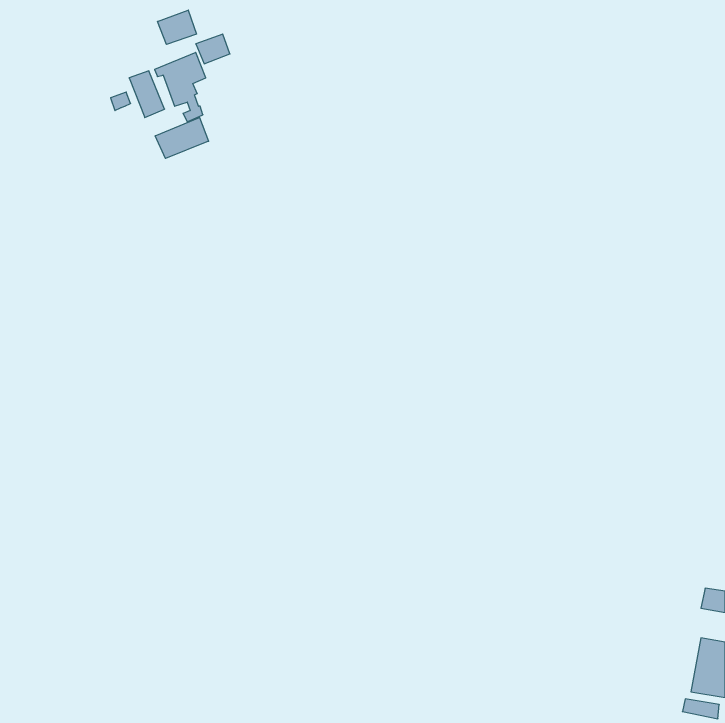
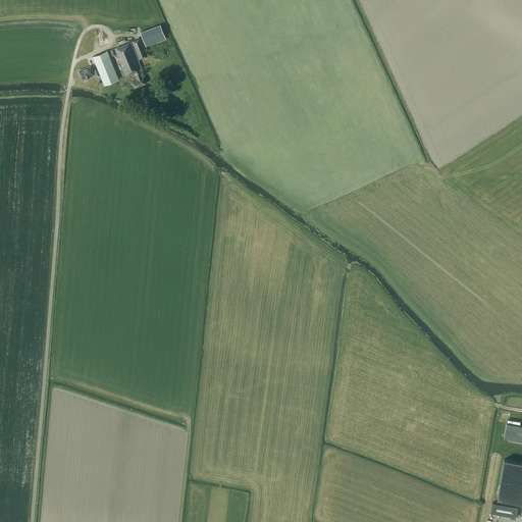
building: [158,10,196,44] -> none
building: [155,117,209,158] -> none

